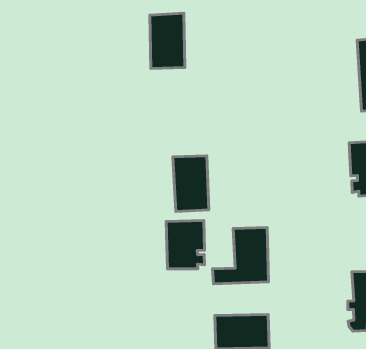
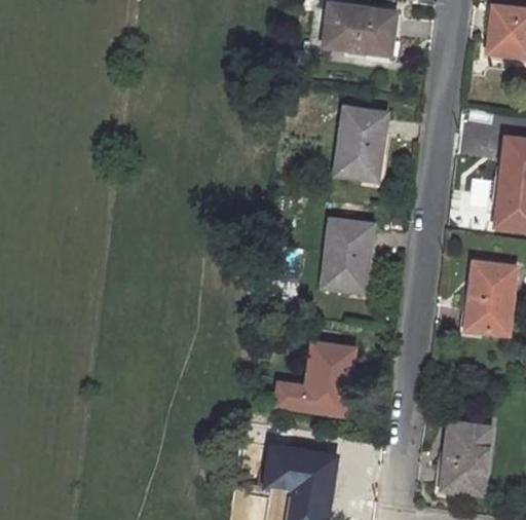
building: [150,13,185,68] -> [335,108,387,180]
building: [173,156,209,212] -> [323,219,373,292]
building: [166,221,205,269] -> none

